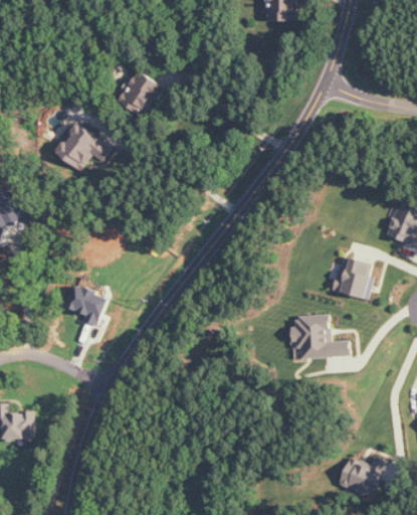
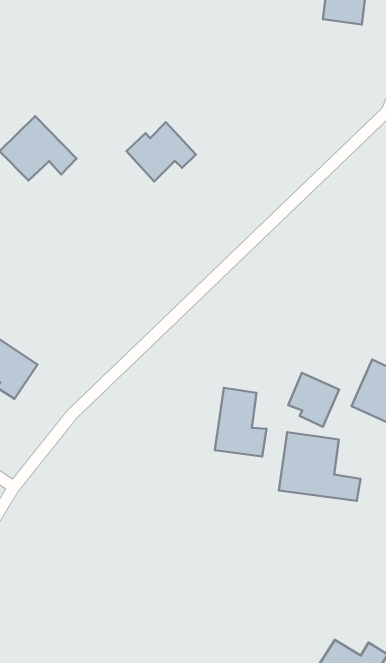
building: [115,70,164,114] -> [127,122,196,182]
building: none -> [288,373,339,427]
building: none -> [215,388,266,456]

